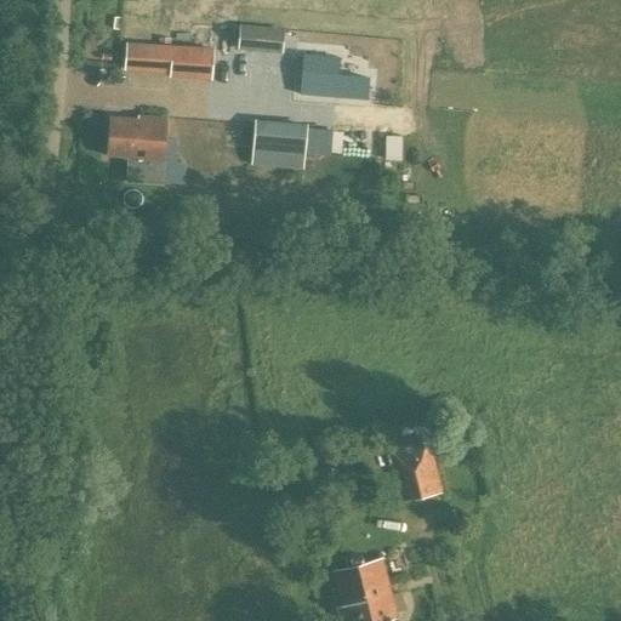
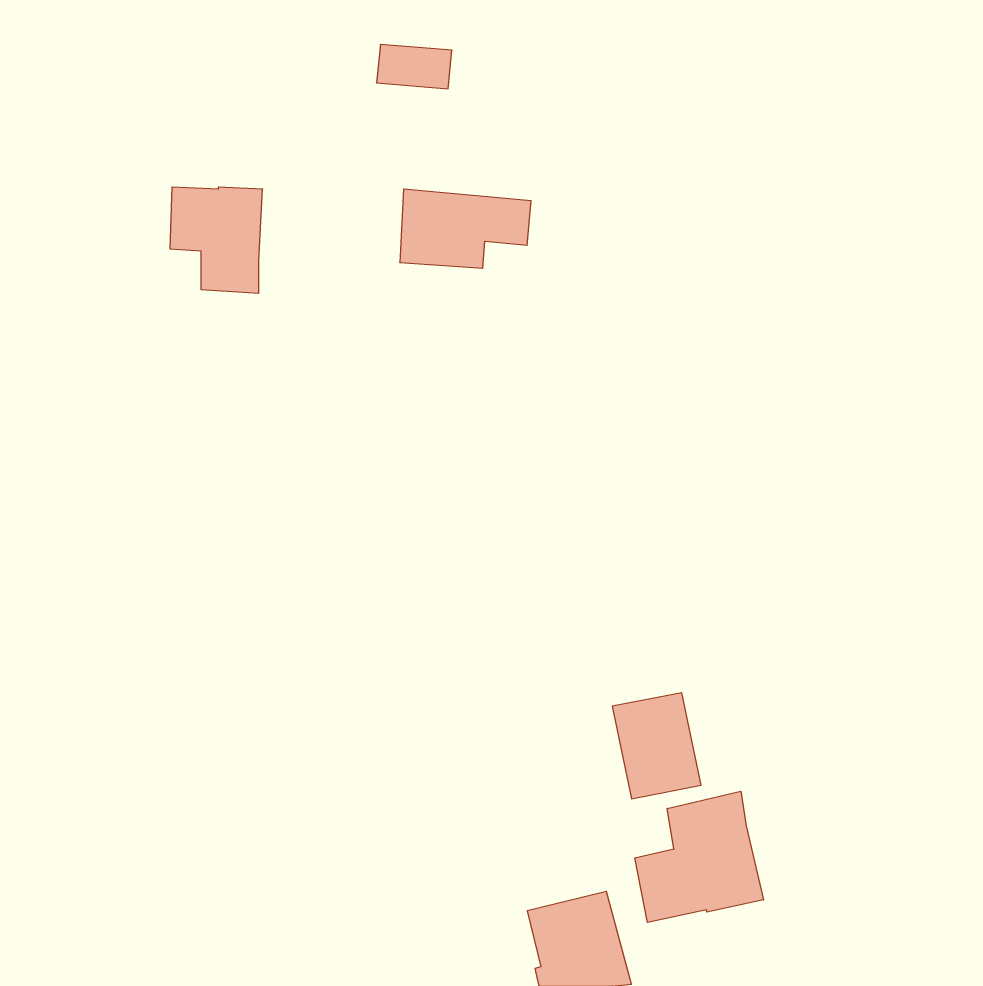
building: [126,44,213,80] -> none
building: [295,56,366,99] -> none
building: none -> [635,791,763,922]

